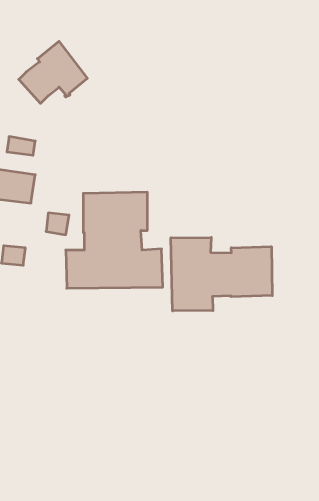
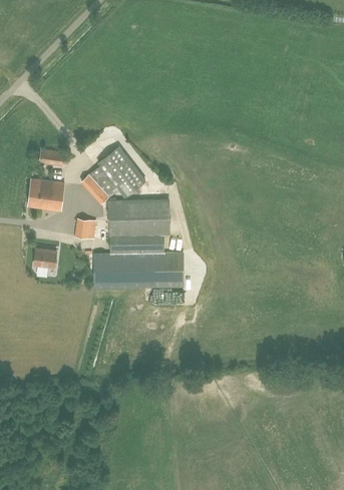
building: [19,41,87,103] -> [81,146,144,203]
building: [171,237,272,311] -> none

